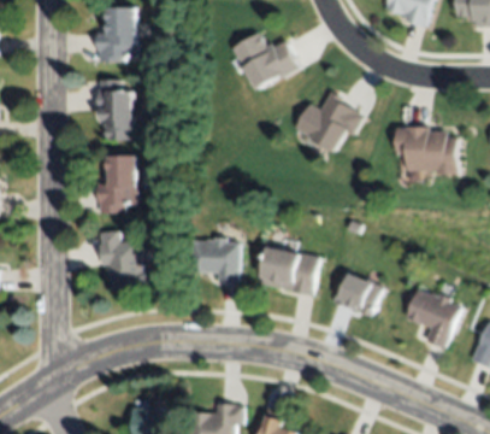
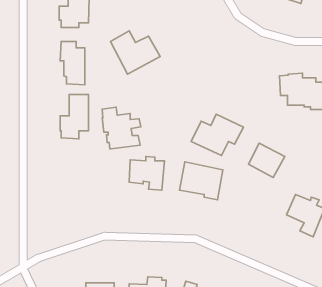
building: [231,35,299,94] -> [111,31,160,74]
building: [293,96,364,153] -> [191,114,243,156]
building: [99,233,152,289] -> [102,107,141,149]
building: [332,270,382,317] -> [249,143,285,178]

